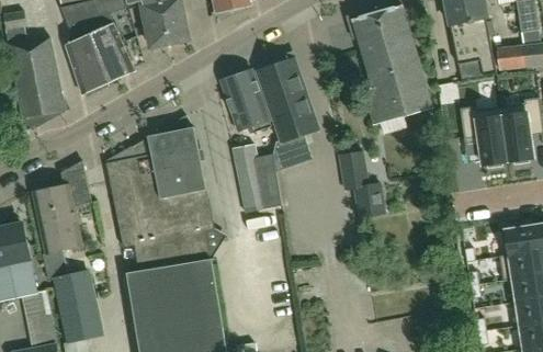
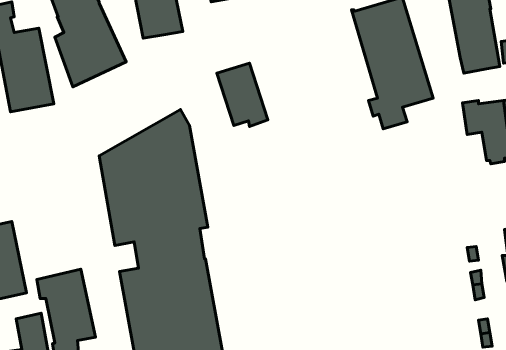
building: [231,57,318,212] -> none
building: [339,150,385,216] -> none
building: [33,161,91,252] -> none

